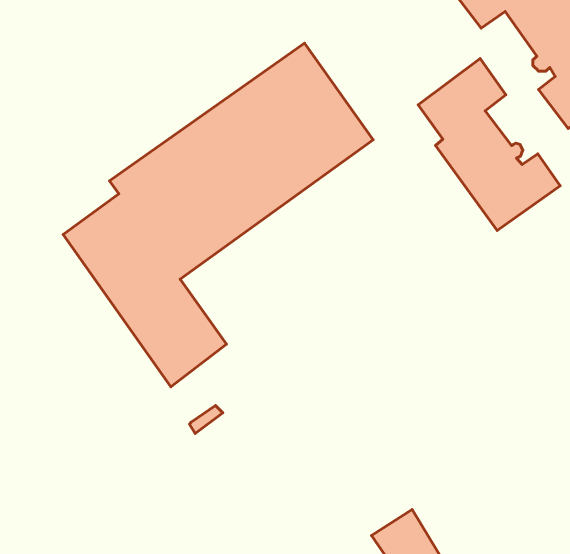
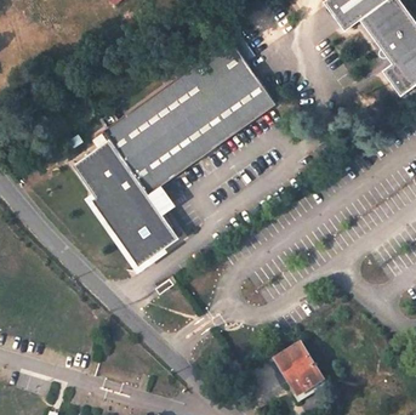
building: [418,59,560,230] -> none

